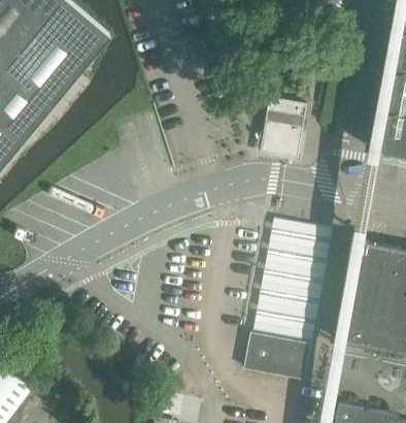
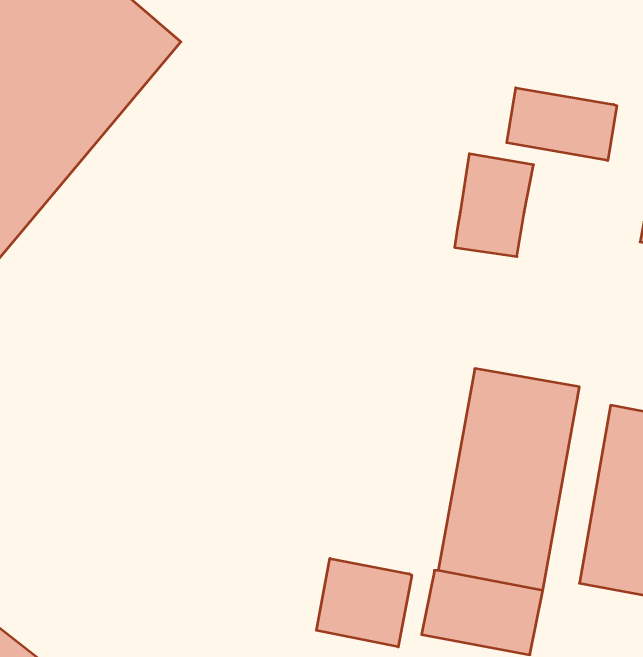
building: none -> [507,88,617,161]
building: none -> [316,558,412,647]

